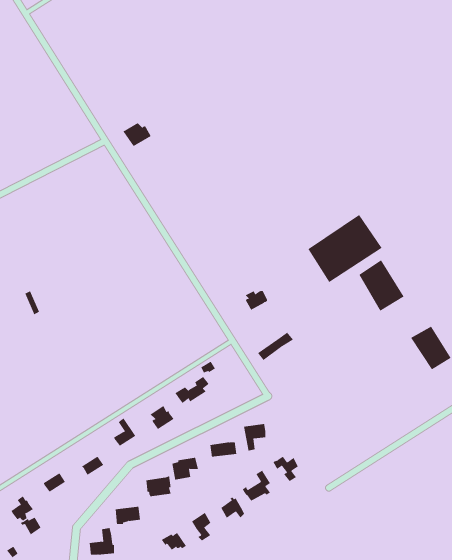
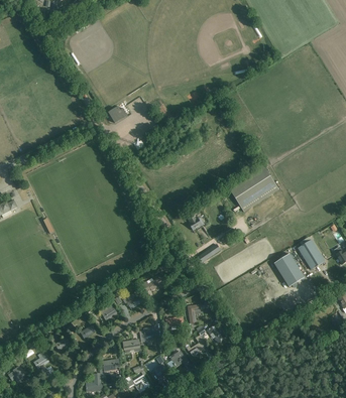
building: [359,260,404,312] -> [273,253,304,287]

